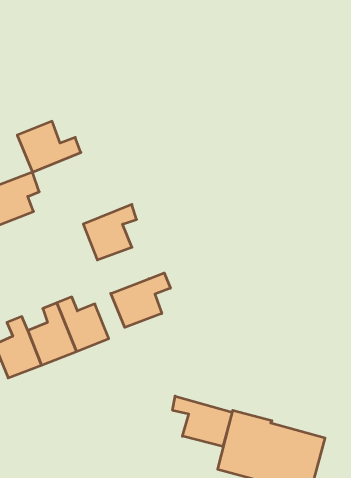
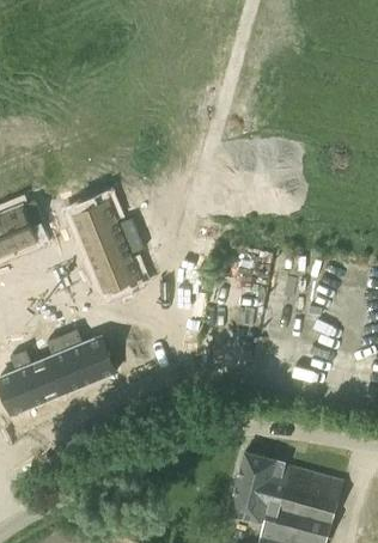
building: [17,121,81,172] -> [74,206,140,258]
building: [111,273,170,327] -> none
building: [173,396,232,446] -> none

